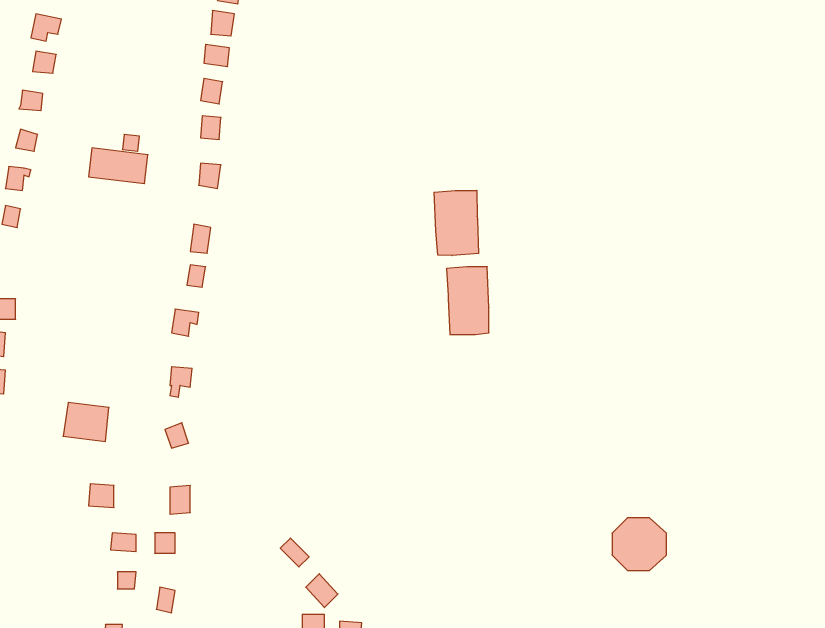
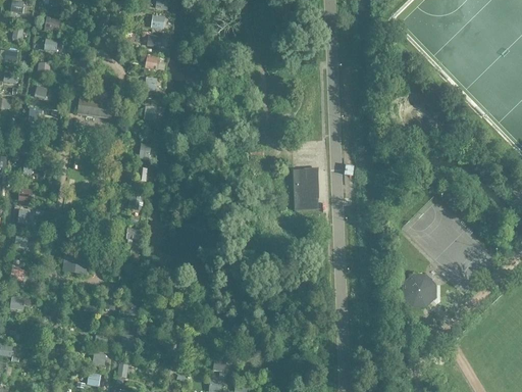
building: [434,190,479,256] -> none
building: [612,518,666,570] -> [403,276,435,307]

